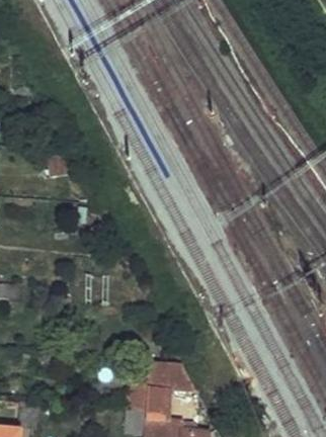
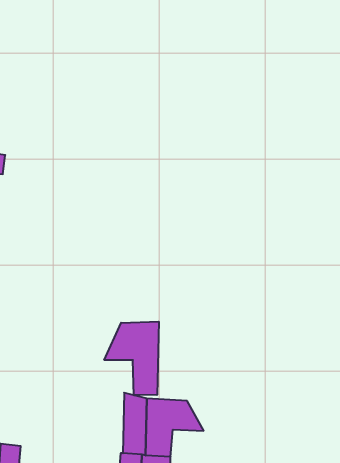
building: none -> [104,322,159,395]

